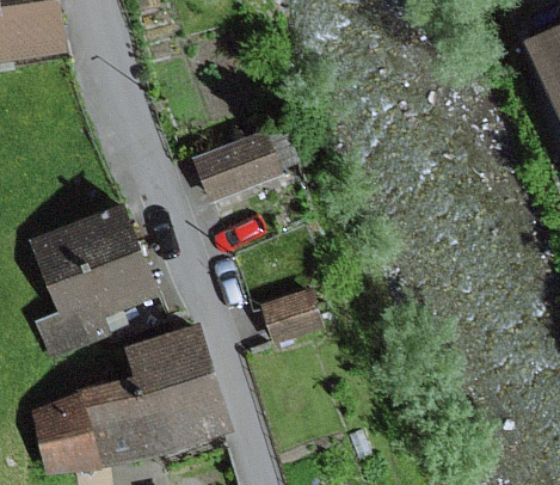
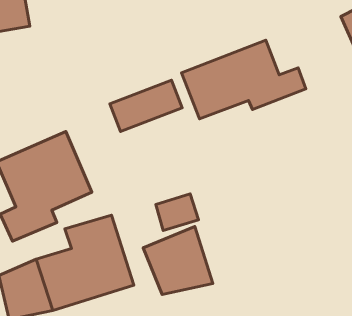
building: none -> [181,40,306,119]
building: none -> [143,226,213,294]

